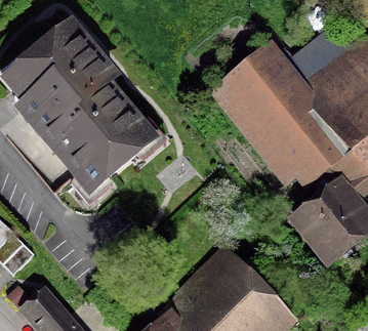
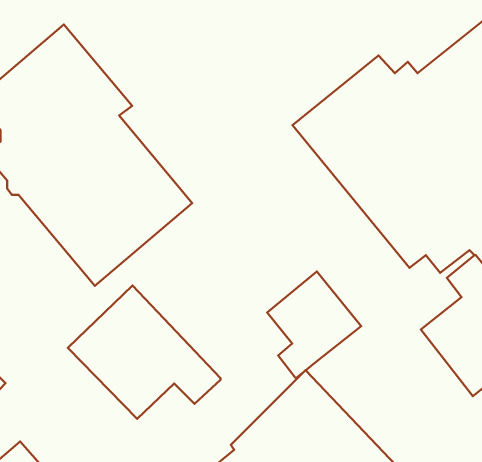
building: none -> [267,271,361,378]
building: none -> [68,286,220,419]

